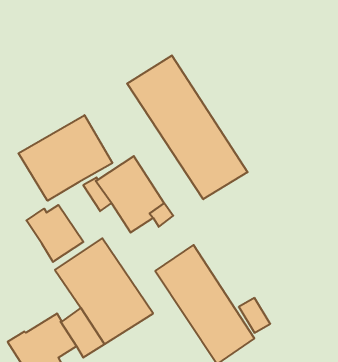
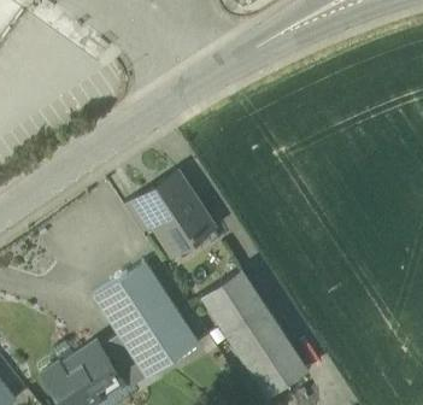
building: [127,55,248,199] -> none
building: [18,115,112,201] -> none
building: [26,205,83,262] -> none

